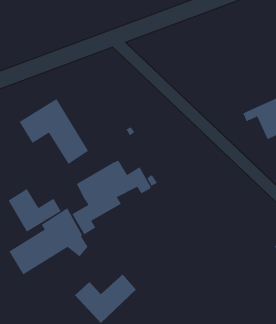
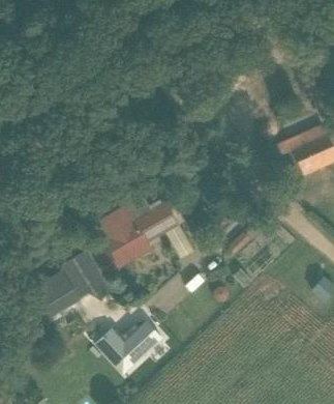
building: [19,98,89,165] -> none
building: [8,188,62,232] -> none

